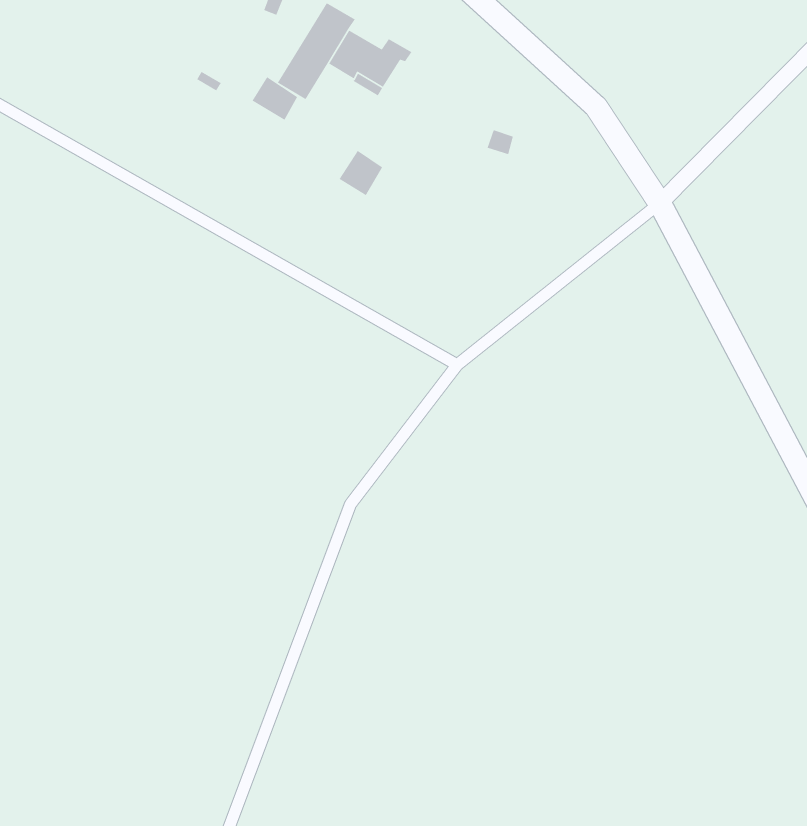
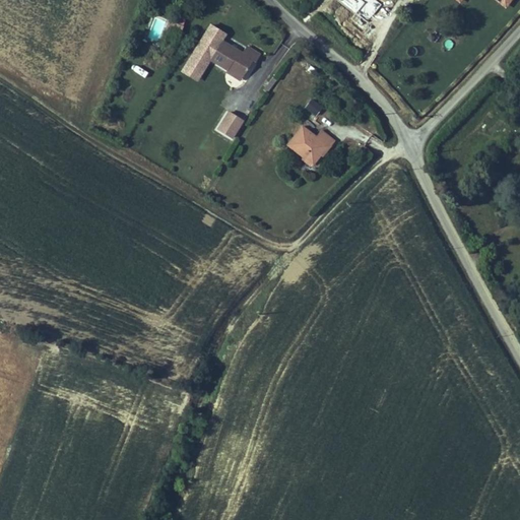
building: [252,76,298,121] -> none
building: none -> [287,125,336,166]

